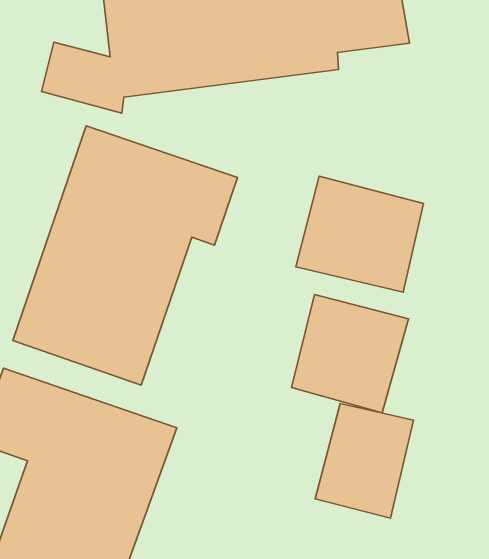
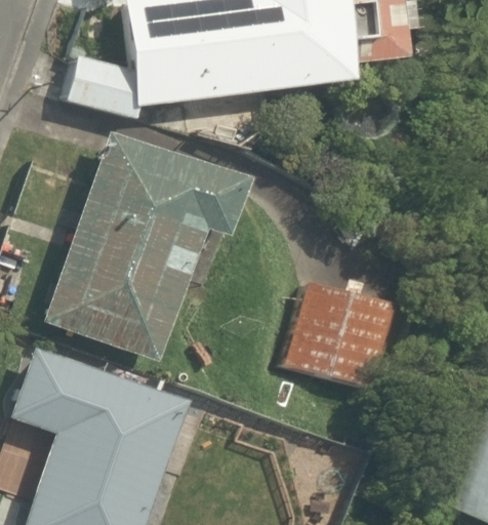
building: [296,176,424,292] -> none
building: [315,404,414,518] -> none

